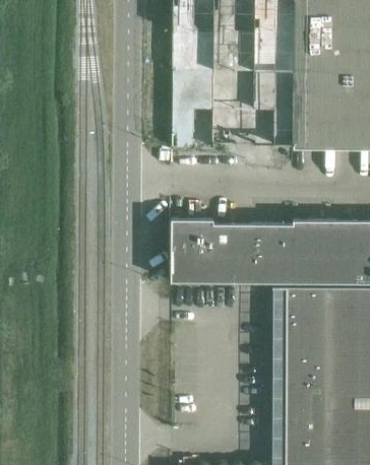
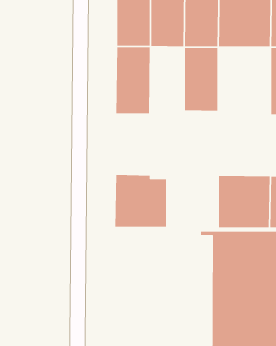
building: [211,68,252,148] -> none
building: [293,69,355,149] -> none
building: [232,220,293,283] -> none

